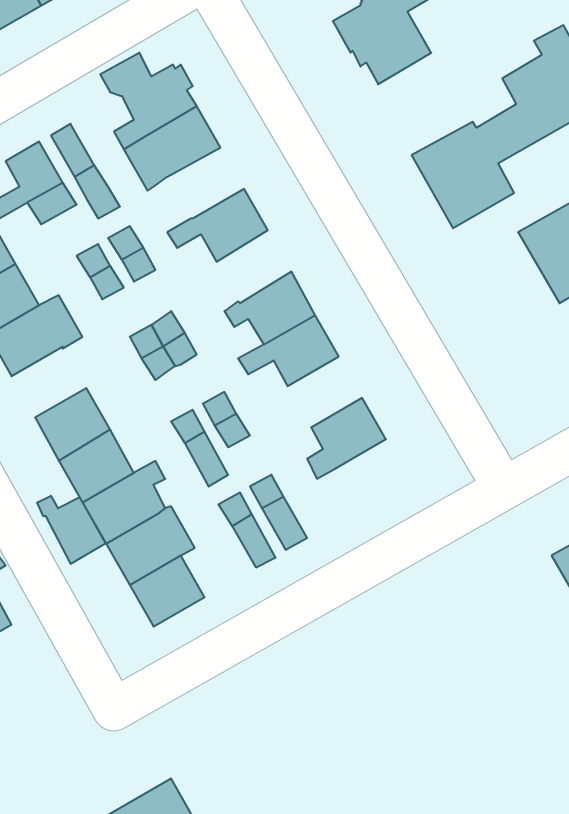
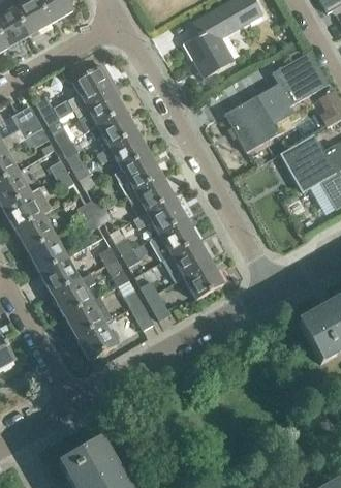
building: none -> [89,108,136,145]
building: none -> [122,151,161,189]
building: none -> [14,212,54,249]
building: none -> [150,217,198,258]
building: none -> [184,261,223,298]
building: [37,496,105,564] -> none

